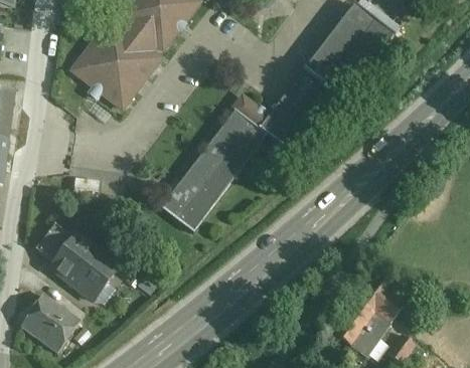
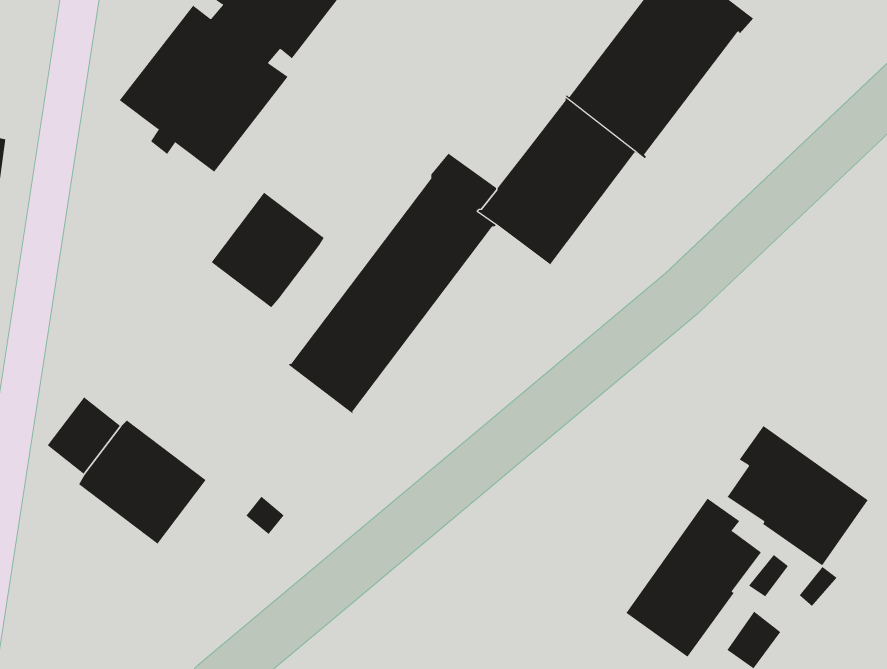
building: none -> [211,192,325,308]
building: none -> [727,425,869,566]
building: [20,294,79,352] -> none

